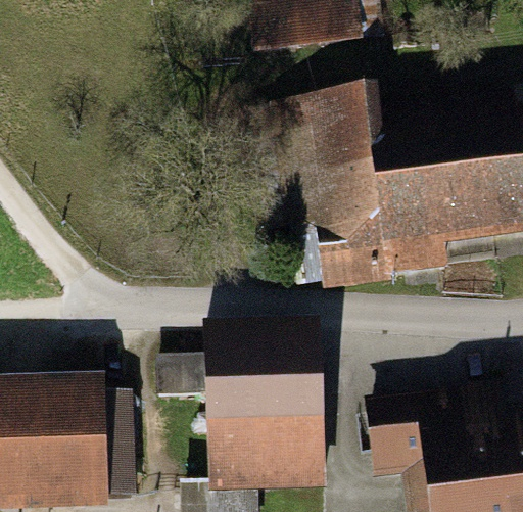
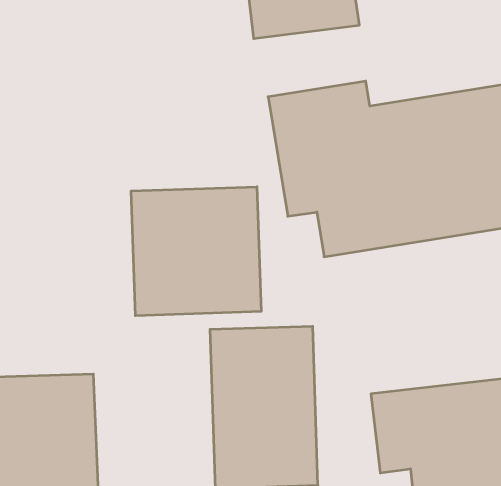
building: none -> [131,187,261,316]

